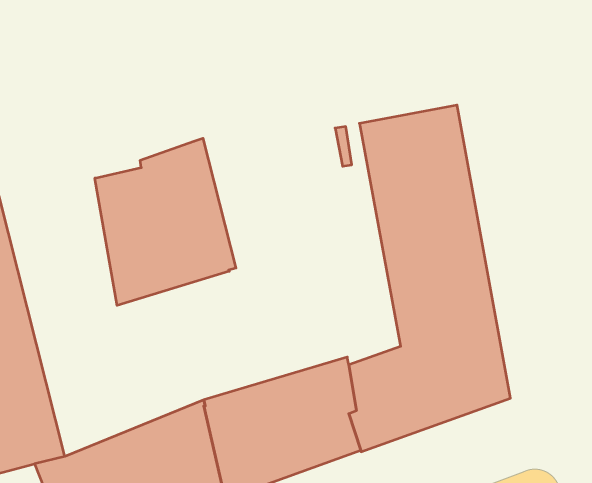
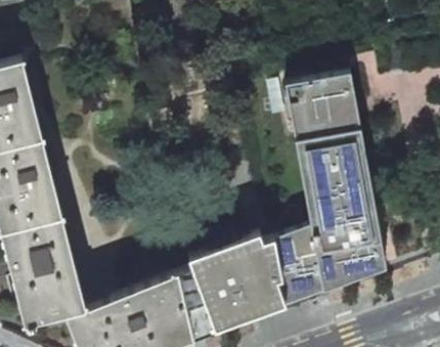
building: [95,138,236,305] -> none

